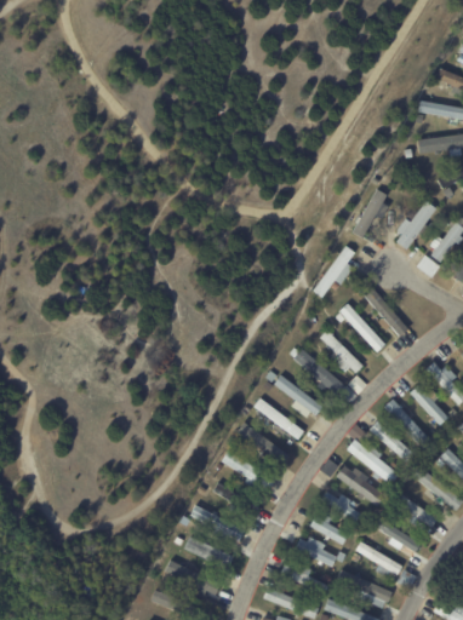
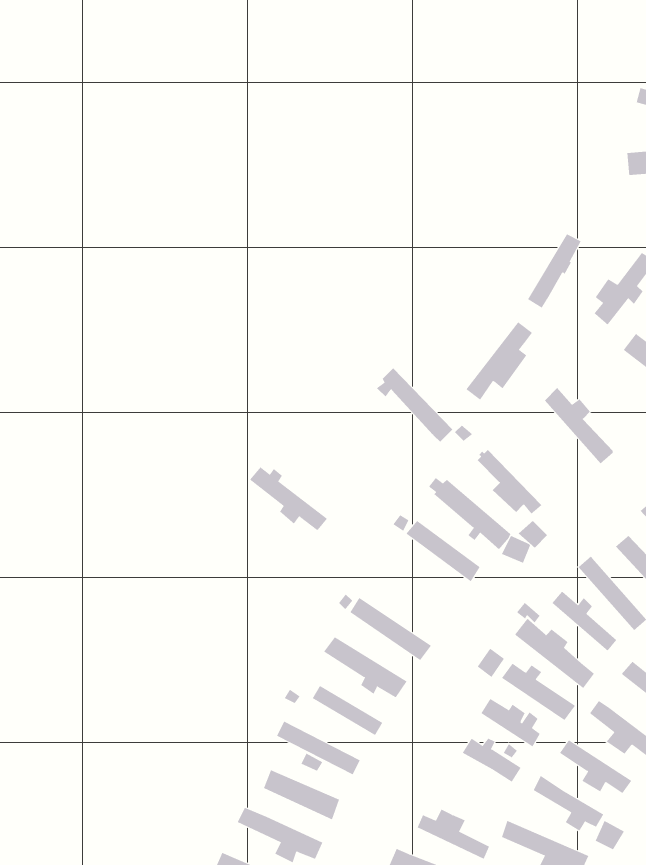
building: [336,304,385,352] -> [376,368,453,443]
building: [253,397,304,438] -> [249,466,328,530]
building: [295,536,337,567] -> none

